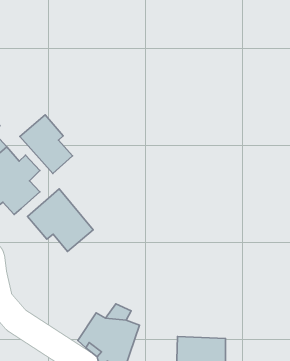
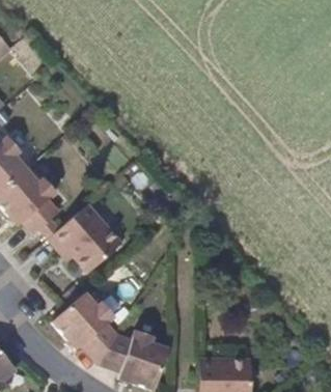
building: [20,115,72,173] -> none
building: none -> [48,293,119,362]

